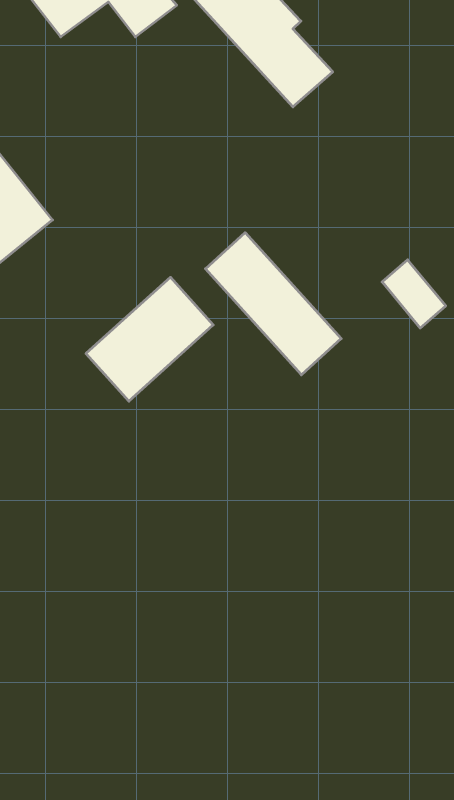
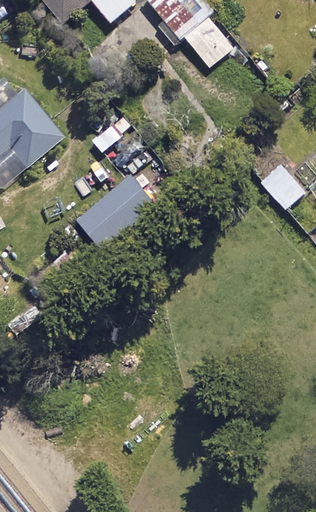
building: [205,233,341,375] -> none

